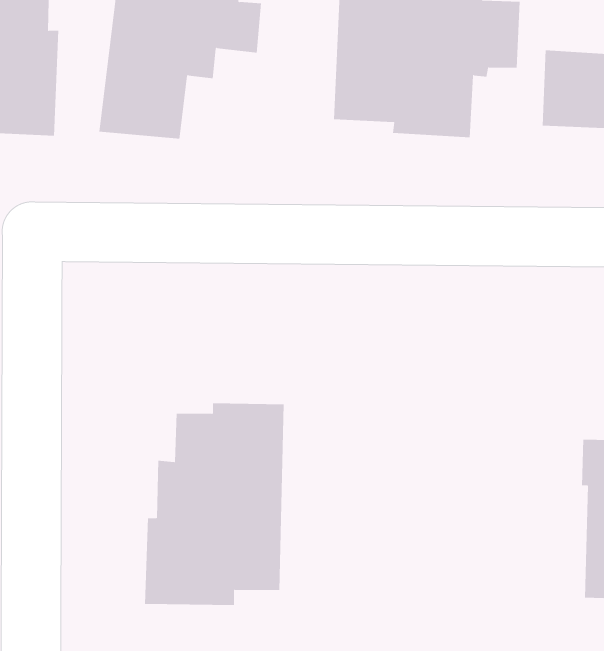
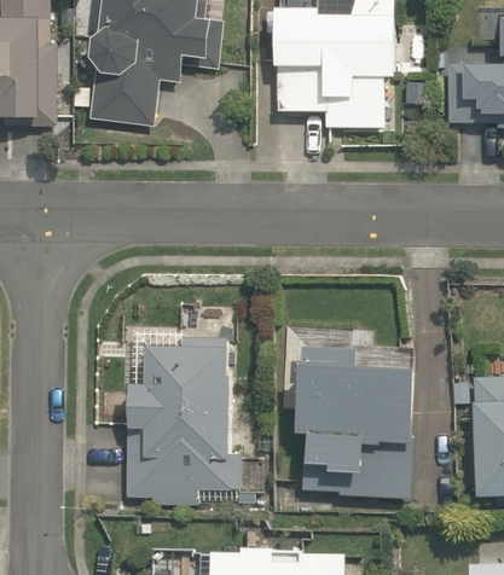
building: none -> [297,348,417,498]

